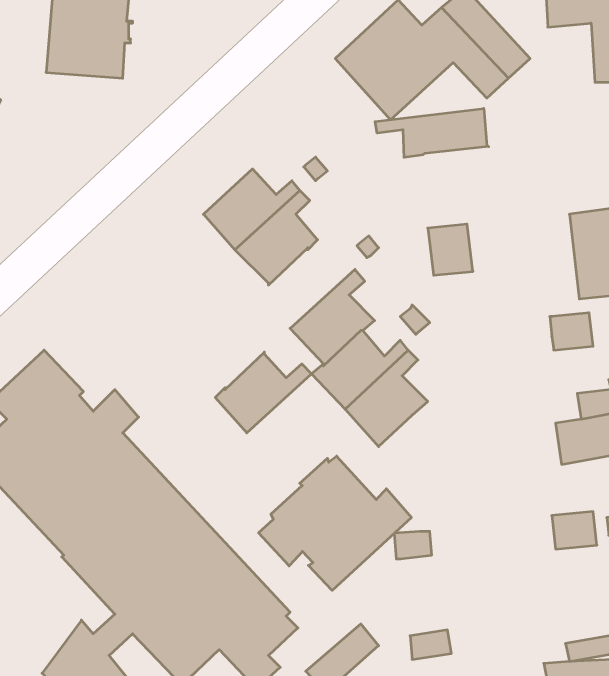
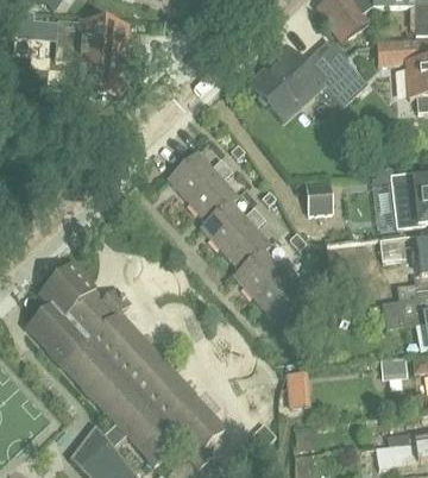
building: [375,108,489,157] -> none
building: [215,352,312,433] -> [201,199,259,247]
building: [259,456,411,590] -> none

